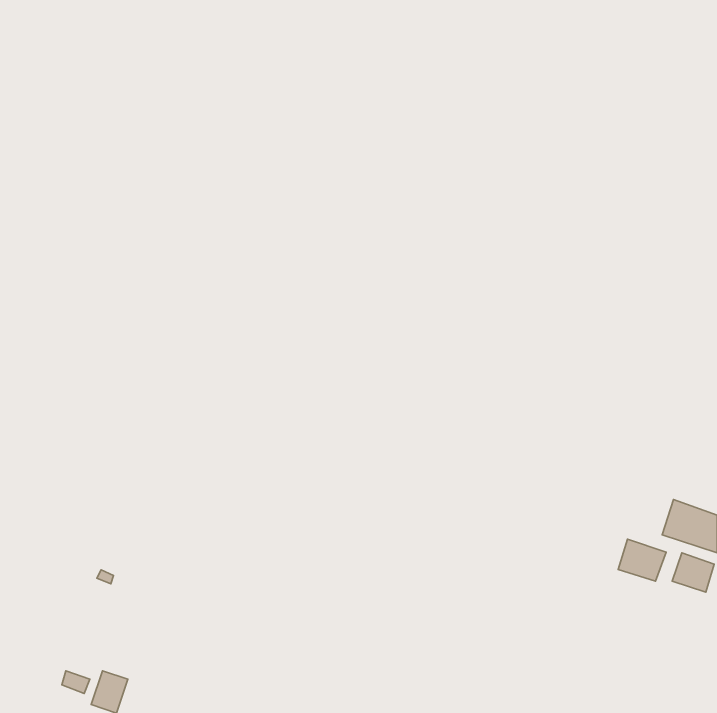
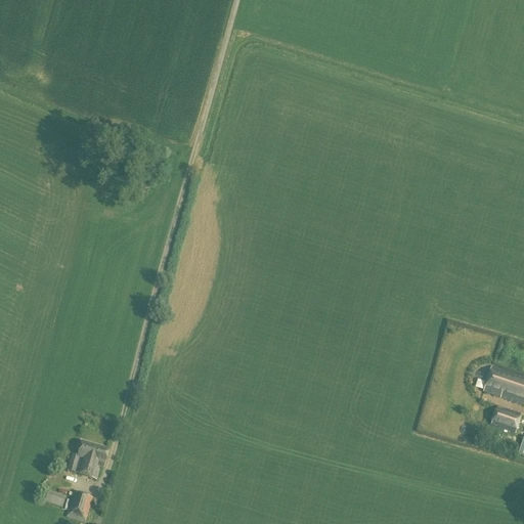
building: [618,539,666,581] -> none
building: none -> [67,440,108,477]

